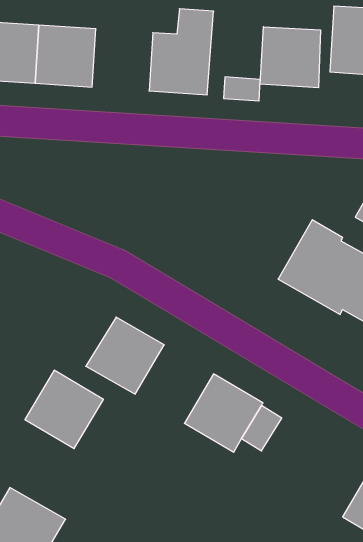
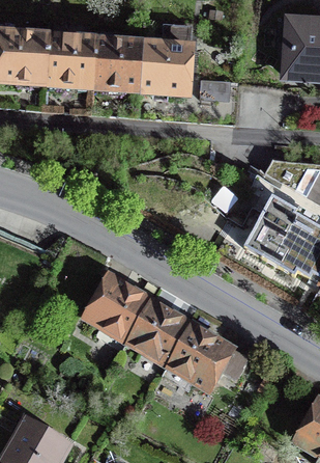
building: [260,27,320,88] -> none
building: none -> [91,39,141,90]
building: [25,370,103,449] -> [126,299,191,363]

